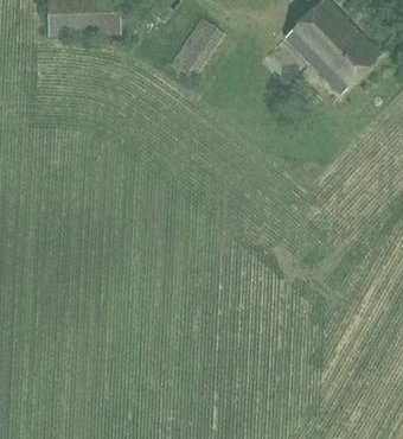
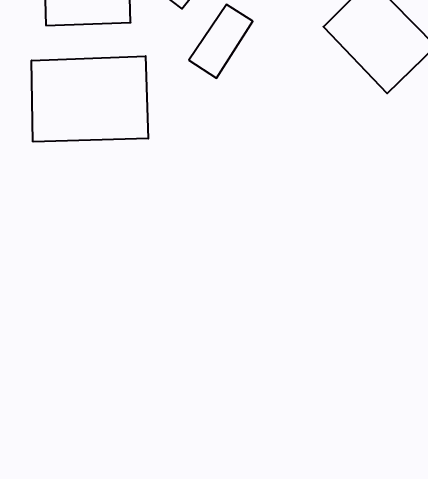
building: none -> [32,56,148,142]

